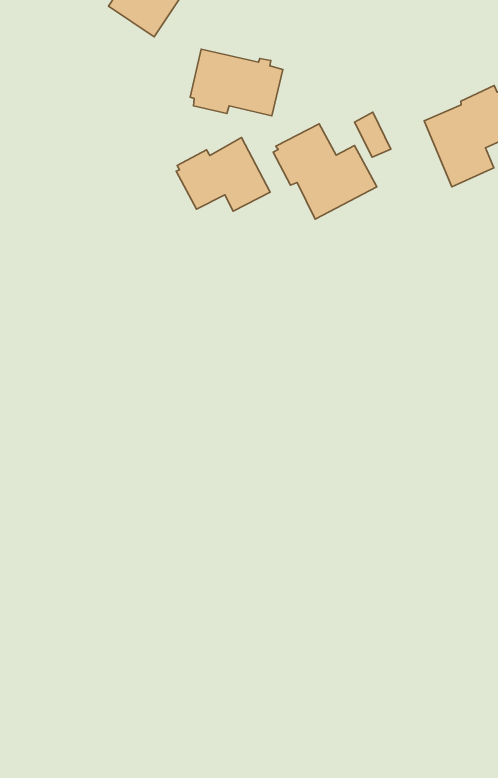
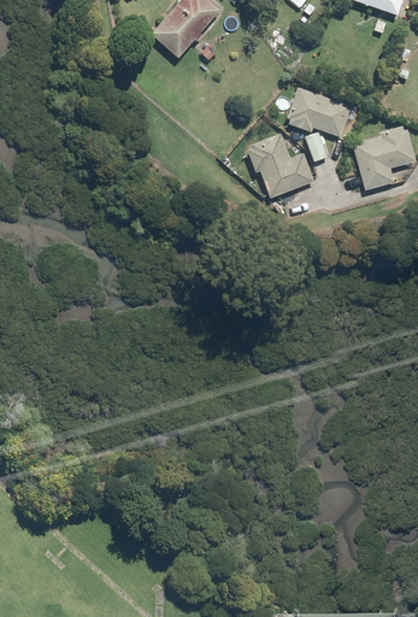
building: [190,49,283,116] -> [288,86,353,137]
building: [176,138,270,211] -> none

